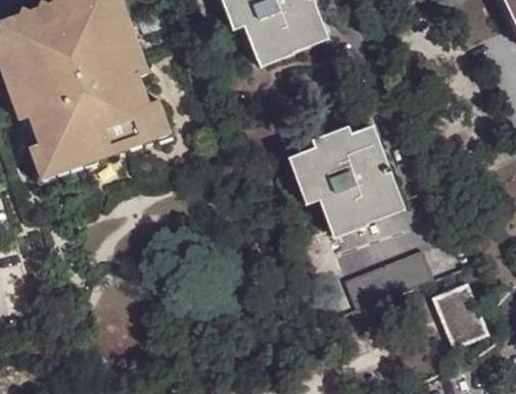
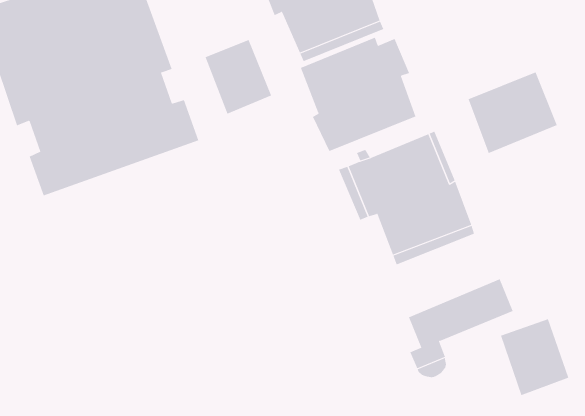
building: none -> [300,37,416,152]
building: none -> [205,39,272,114]
building: none -> [468,71,558,154]

